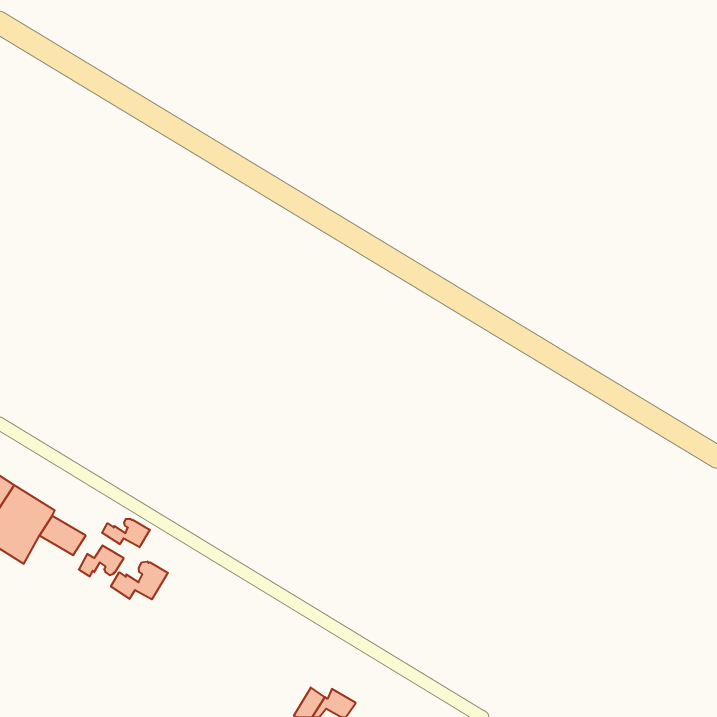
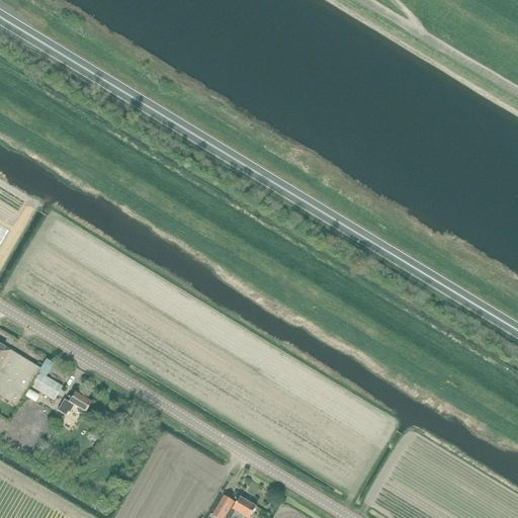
building: [102,519,150,547] -> none
building: [111,561,168,599] -> none

